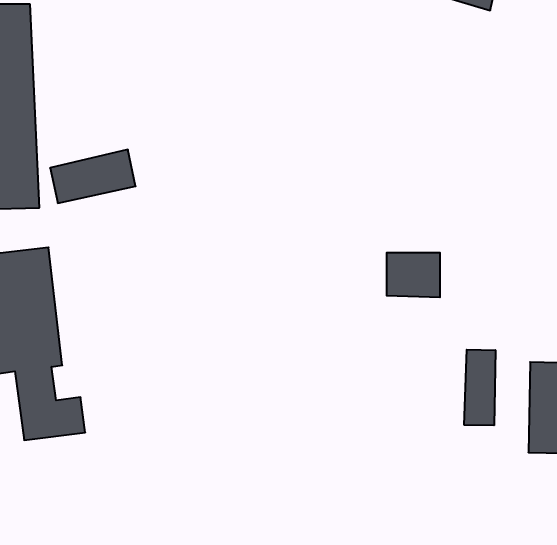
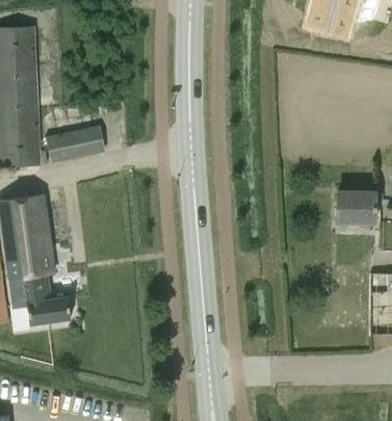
building: [387,253,440,297] -> [338,191,374,221]
building: [464,350,495,425] -> none

